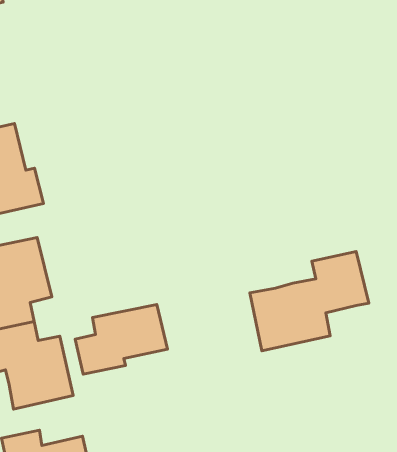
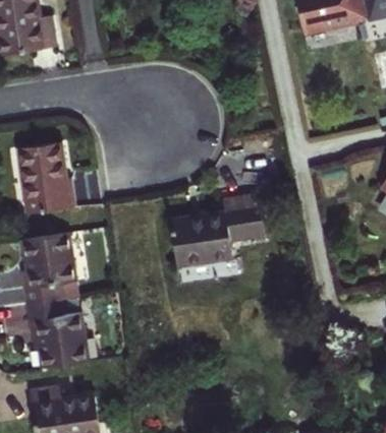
building: [250,251,369,351] -> [171,194,265,267]
building: [75,305,167,374] -> none

